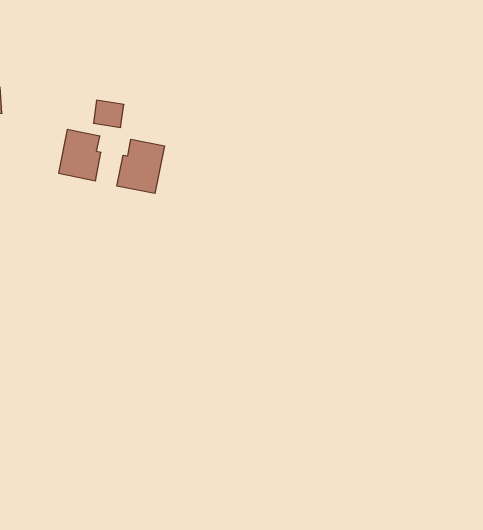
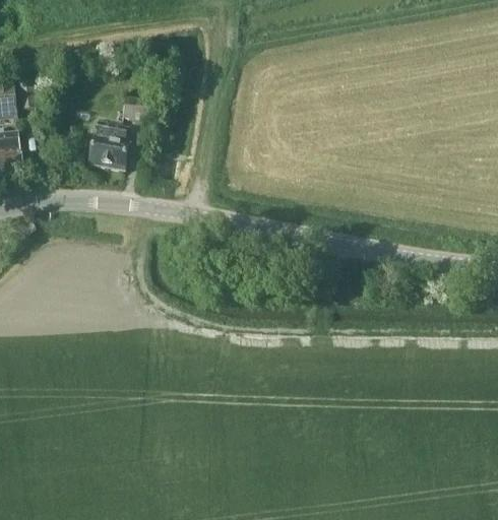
building: [117,139,164,193] -> none

